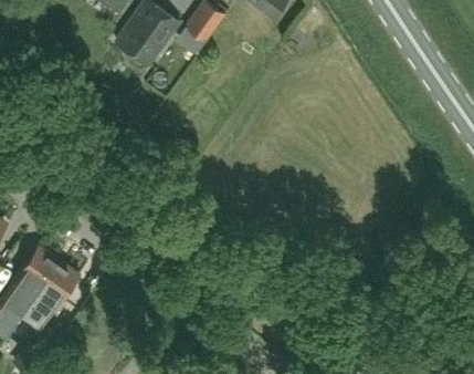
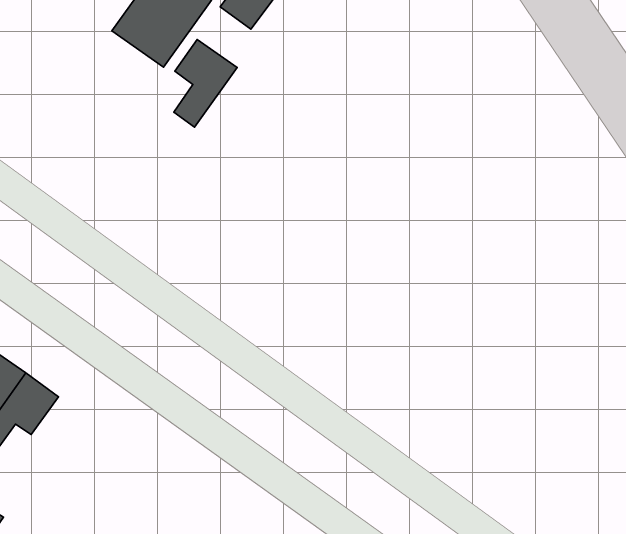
building: none -> [174,40,237,127]

